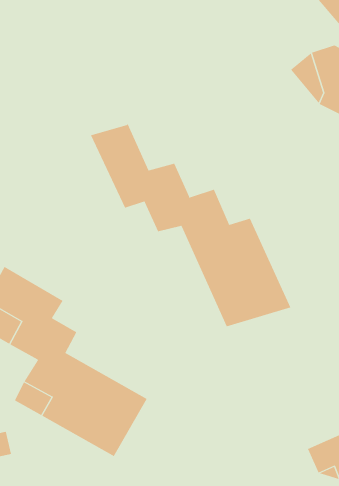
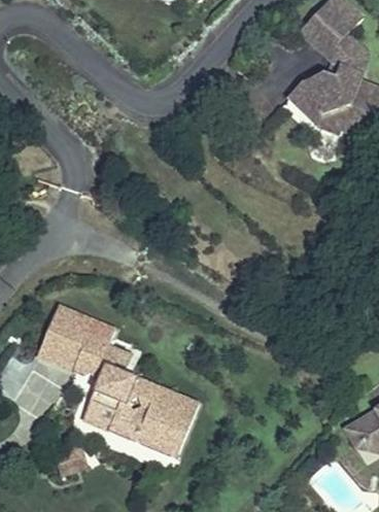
building: [90,123,291,327] -> none

